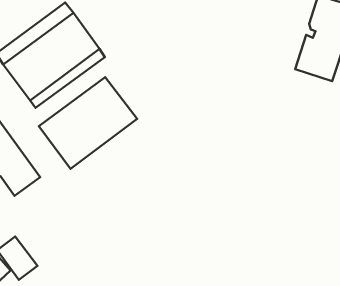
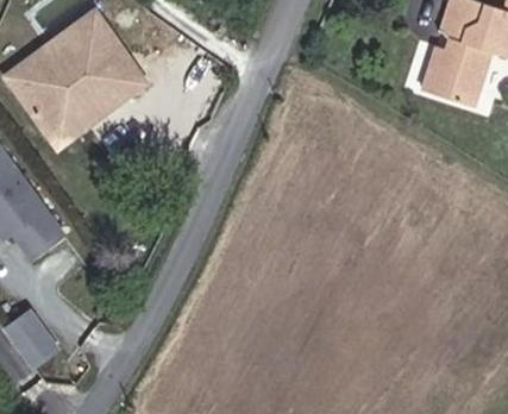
building: [39,77,137,169] -> none

